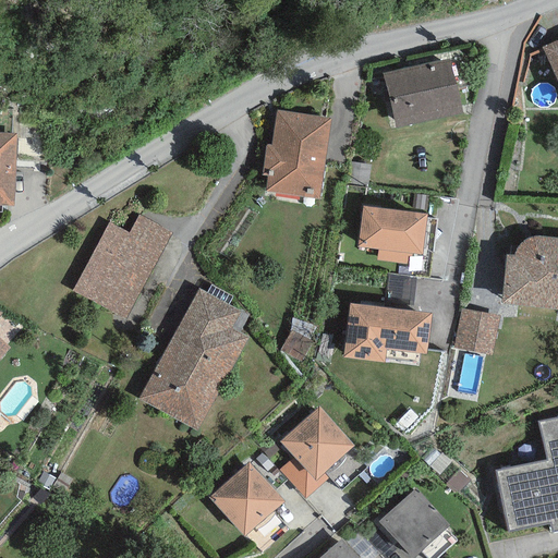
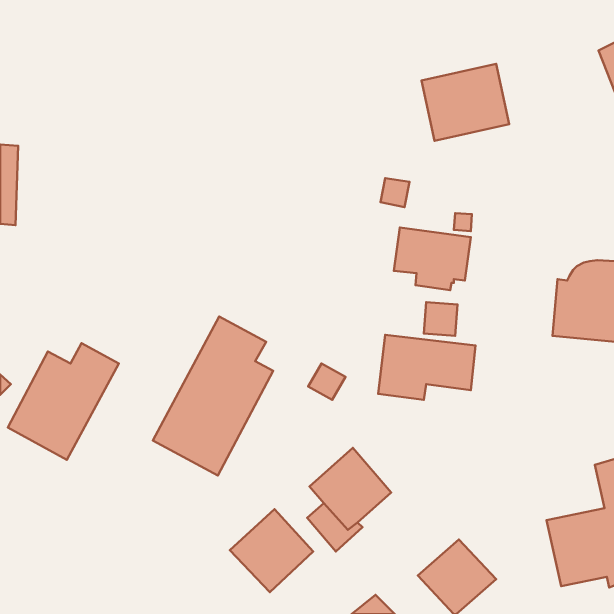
building: [264,110,331,198] -> none
building: [73,214,173,319] -> [8,343,119,460]
building: [454,307,500,353] -> none

